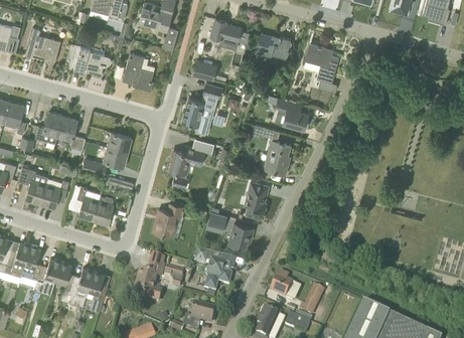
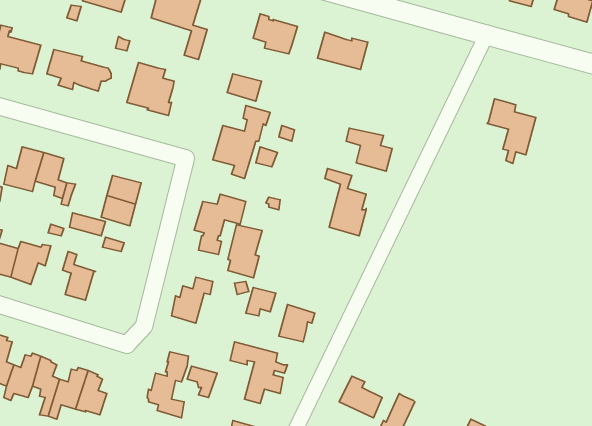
building: [305,43,339,89] -> [487,99,536,163]
building: [245,181,269,218] -> [228,225,262,278]
building: [93,195,114,224] -> none

